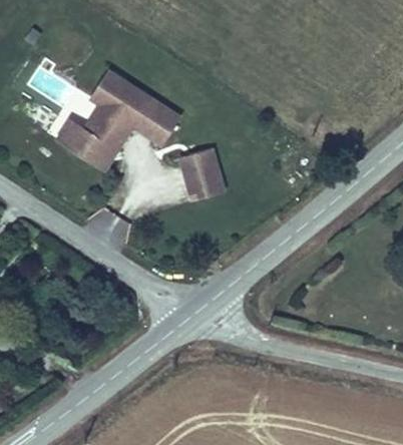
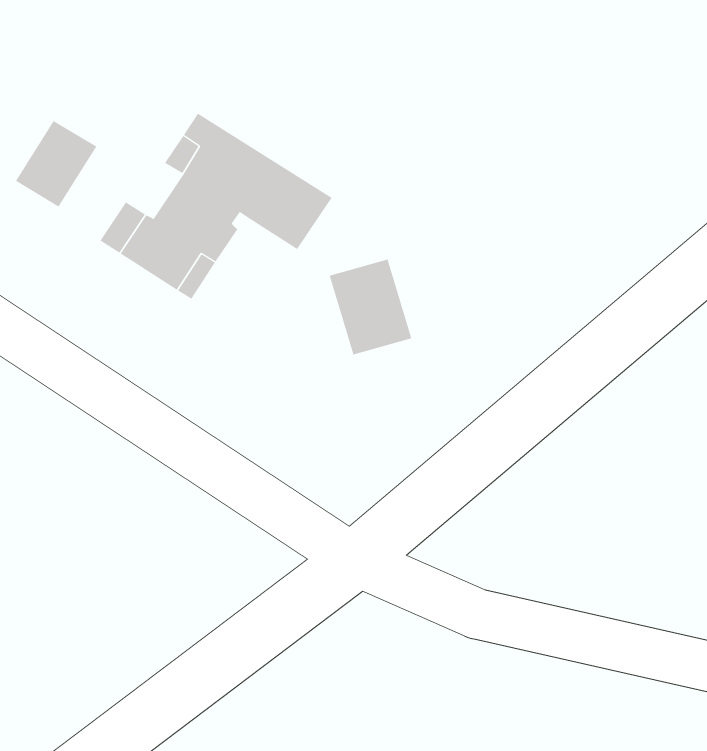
building: none -> [15,120,97,207]

